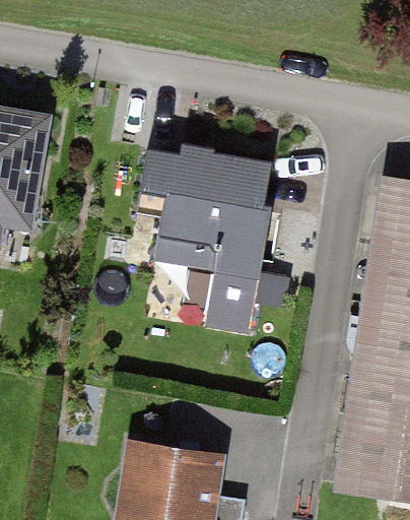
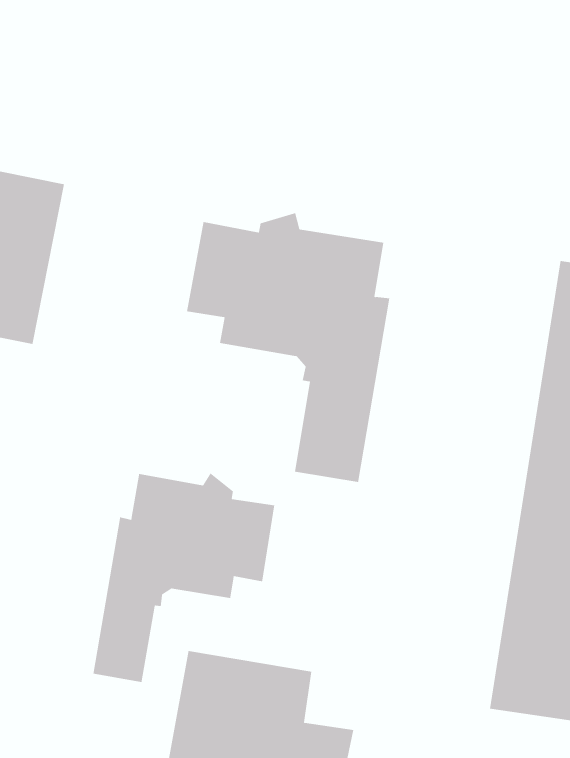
building: none -> [93,473,275,683]

